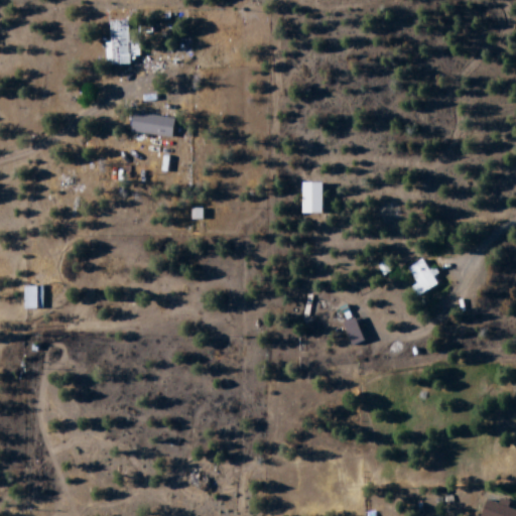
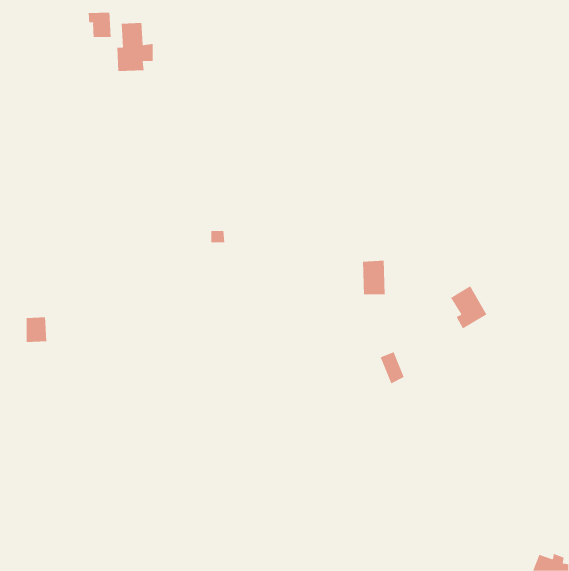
building: none -> [88,12,111,38]
building: [132,113,173,135] -> none
building: [302,181,324,213] -> [362,260,386,295]

